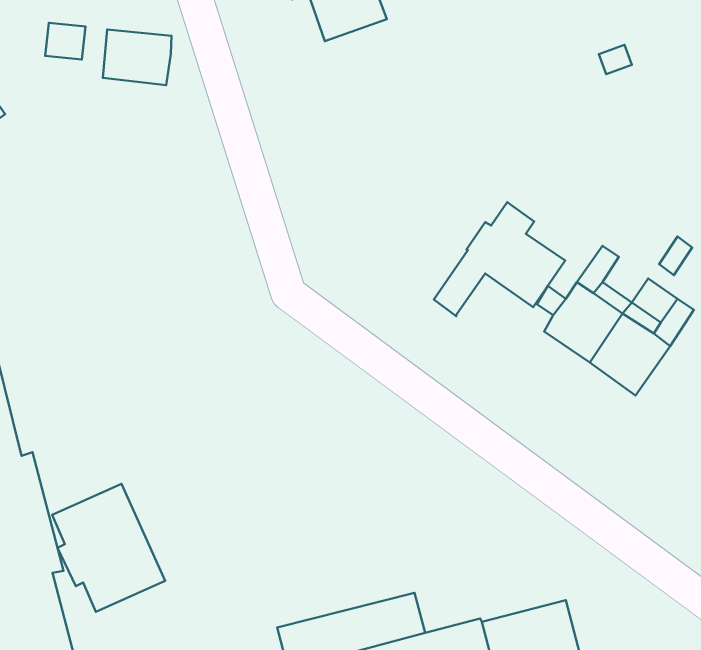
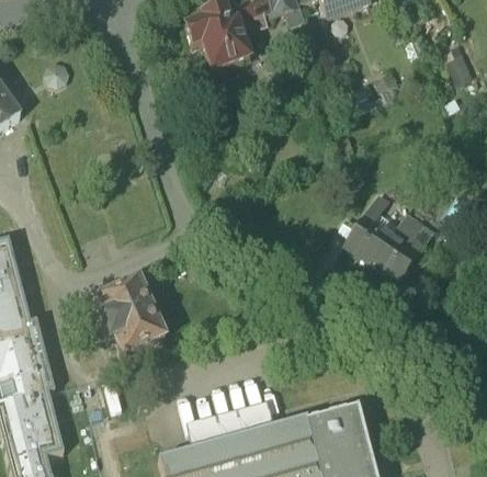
building: [103,29,172,85] -> none
building: [434,202,565,316] -> none
building: [52,484,165,612] -> [97,281,165,357]

